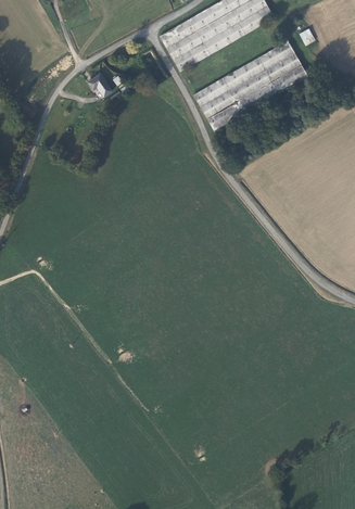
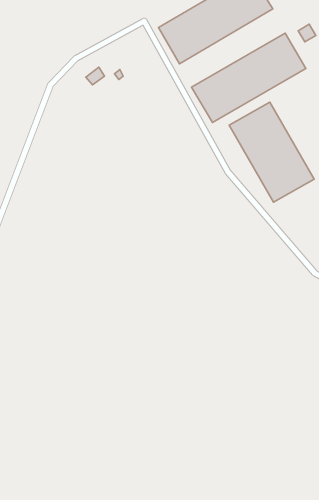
building: none -> [229,102,314,202]

